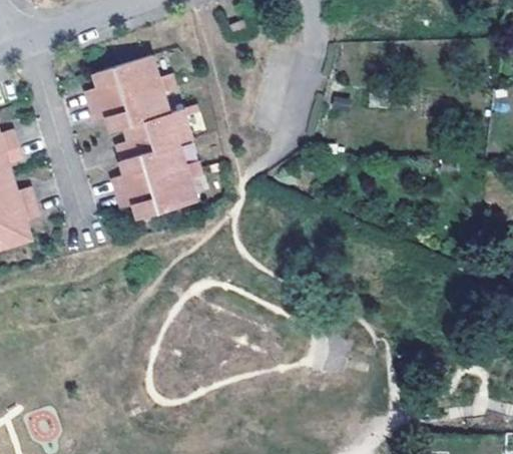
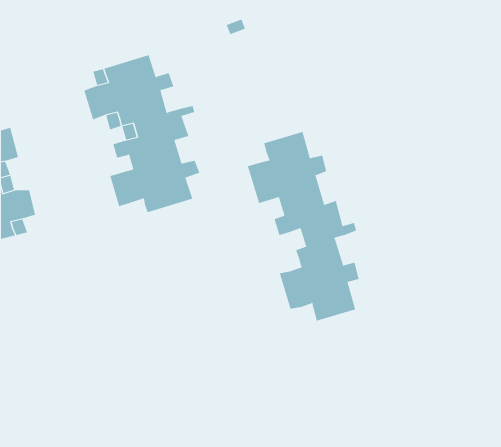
building: none -> [247,131,359,321]

